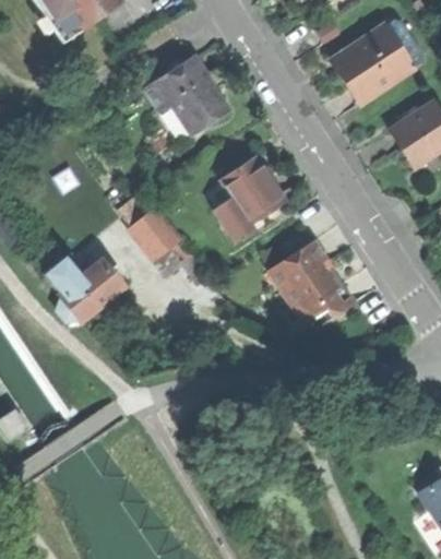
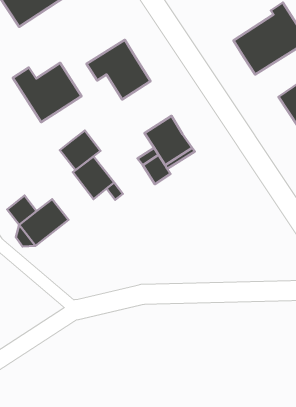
building: none -> [13,63,81,122]
building: none -> [60,131,100,170]
building: [266,243,348,320] -> none

